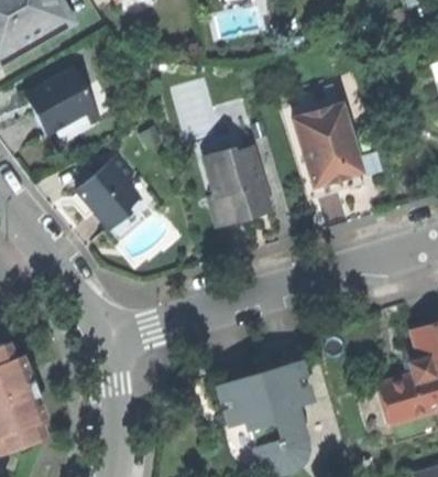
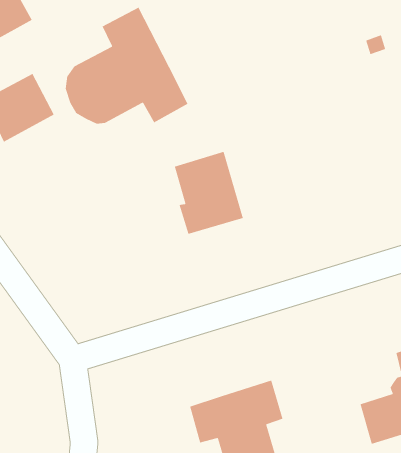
building: none -> [65,6,188,125]
building: [295,104,362,183] -> none
building: [78,158,140,231] -> none

